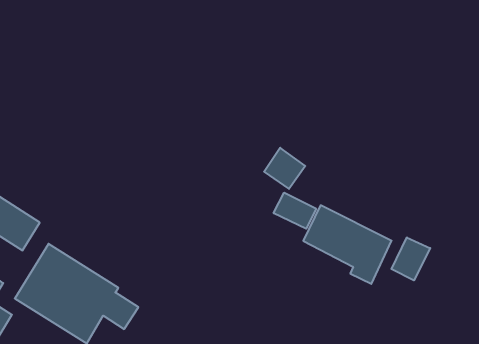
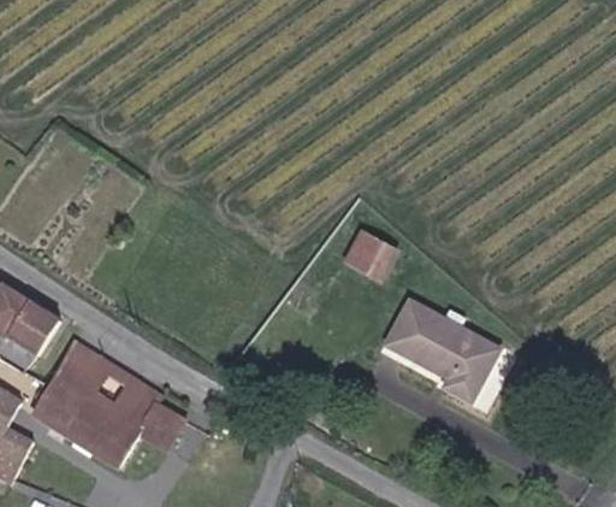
building: [274,193,316,229] -> none
building: [391,237,430,280] -> none

